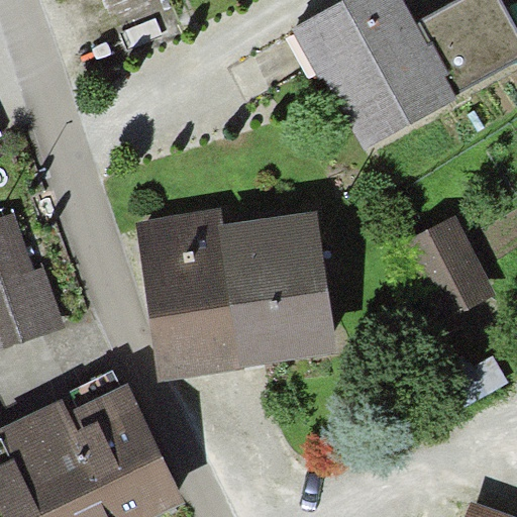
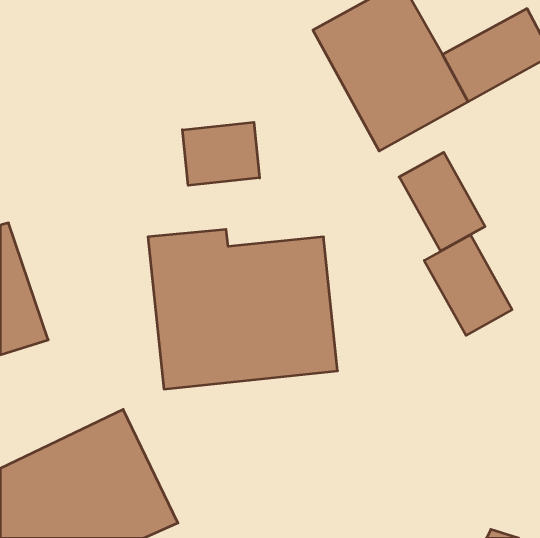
building: none -> [182,122,260,185]
building: none -> [399,152,485,251]

